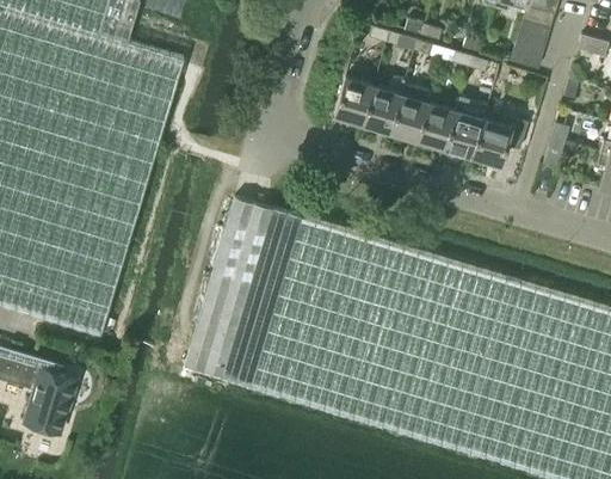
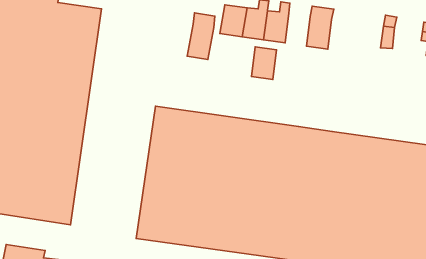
building: none -> [187,13,215,60]
building: [416,102,455,148] -> [251,47,277,80]
building: [471,118,526,165] -> none

